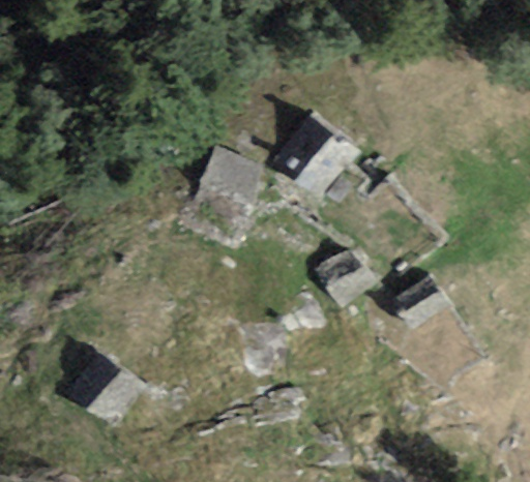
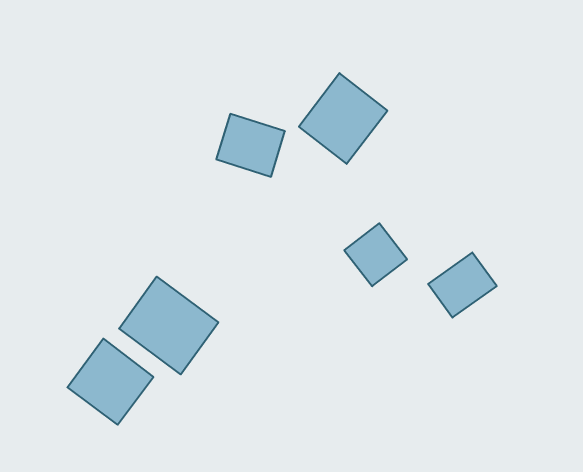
building: none -> [119,277,218,374]

